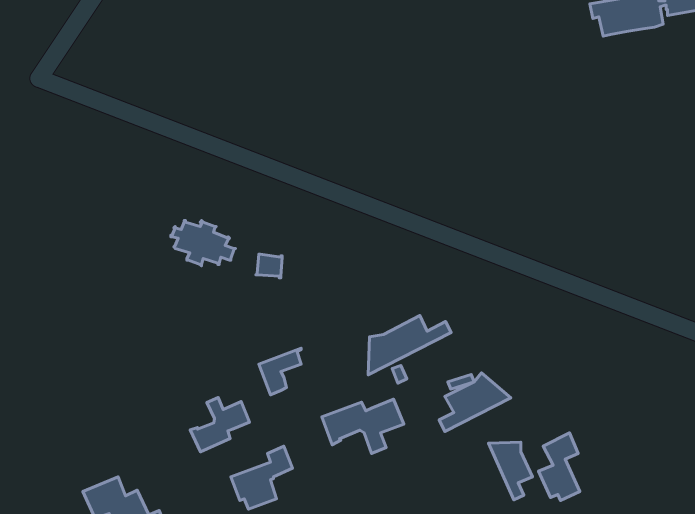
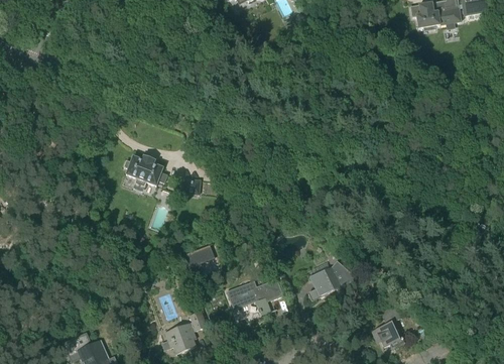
building: [368,316,451,375] -> none
building: [190,398,250,452] -> none
building: [489,442,532,500] -> none

